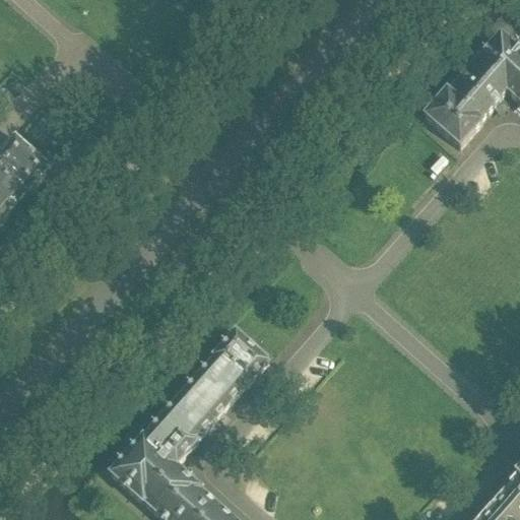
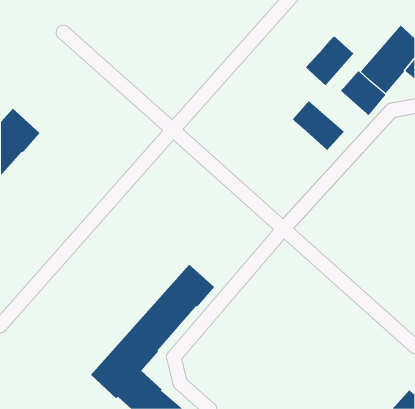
building: none -> [305,36,354,86]
building: none -> [292,100,345,151]

